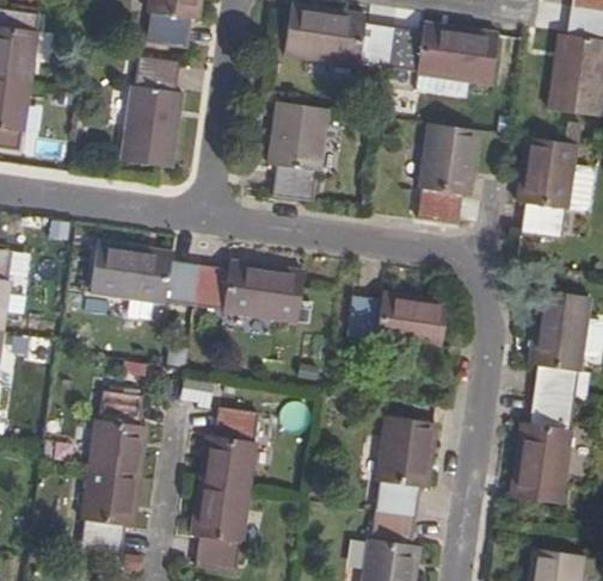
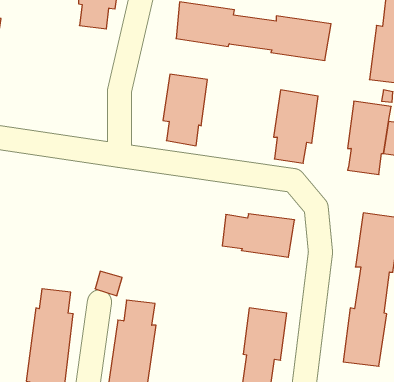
building: [124,50,186,161] -> none
building: [88,242,303,323] -> none

